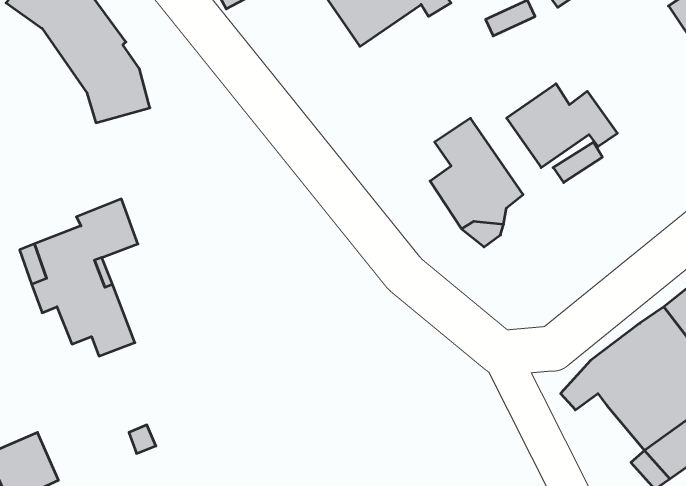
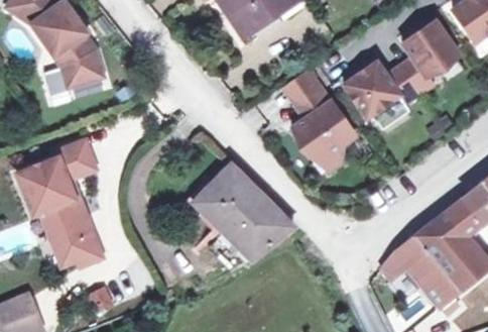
building: none -> [398,19,459,93]
building: none -> [193,165,293,257]
building: none -> [51,230,102,265]

